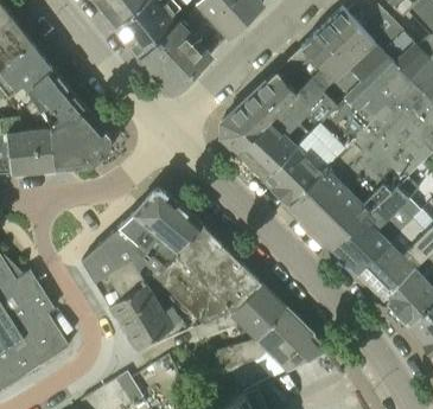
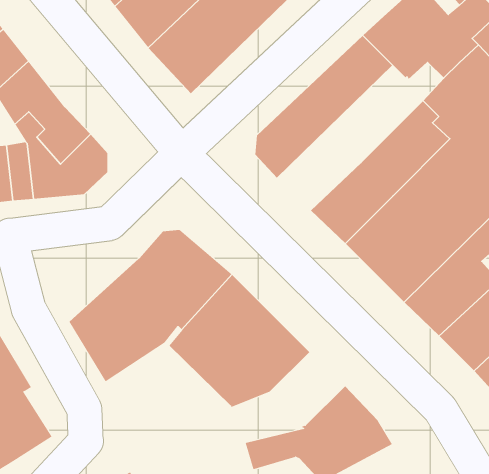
building: [236,68,361,178] -> none
building: [108,281,173,350] -> none
building: [192,283,287,340] -> none

